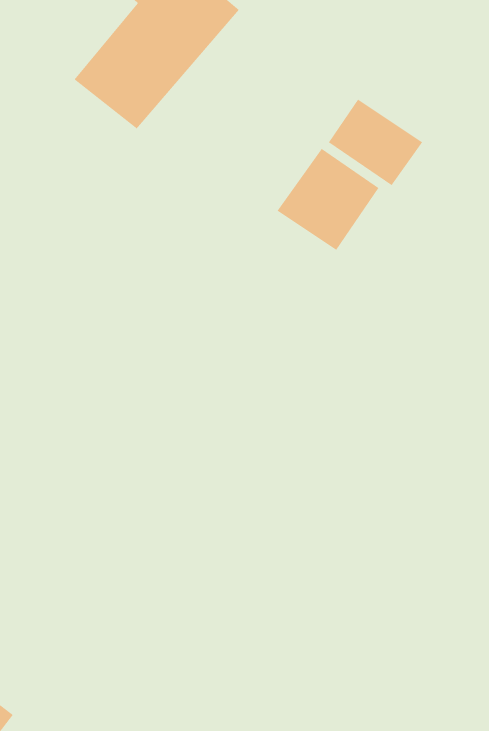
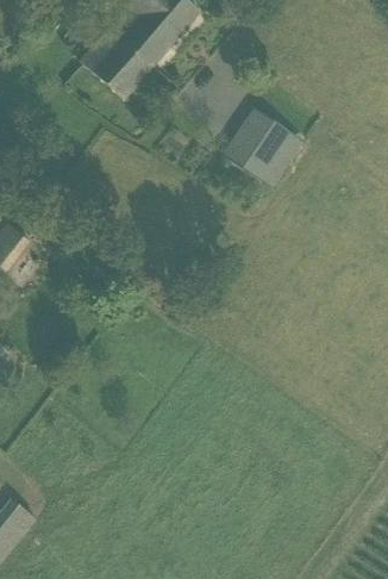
building: [328,99,423,186] -> none

